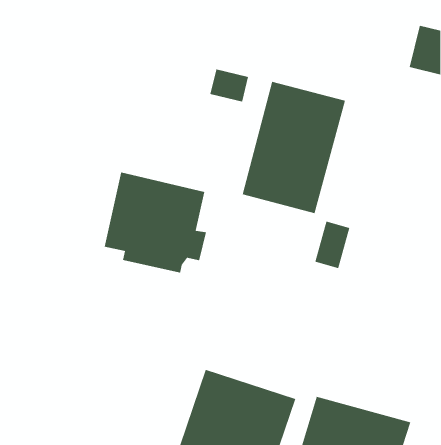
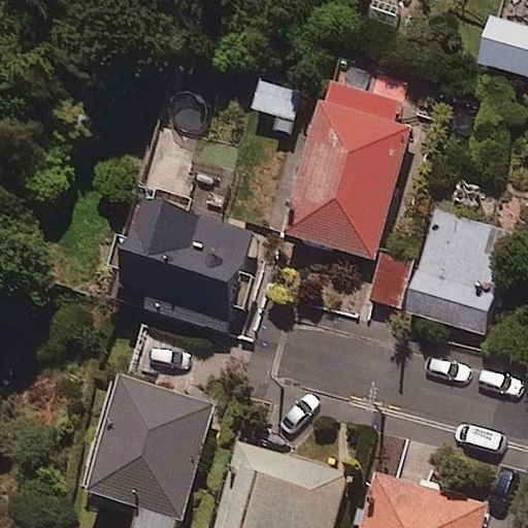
building: none -> [410,222,509,342]
building: none -> [80,368,220,519]

